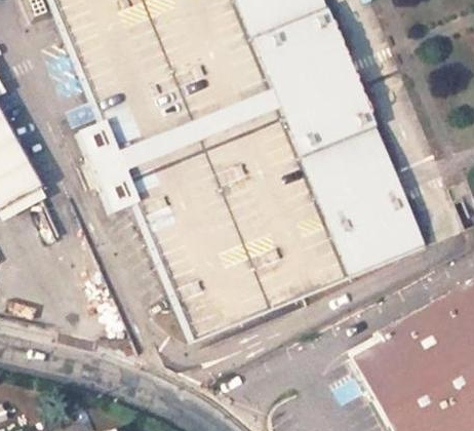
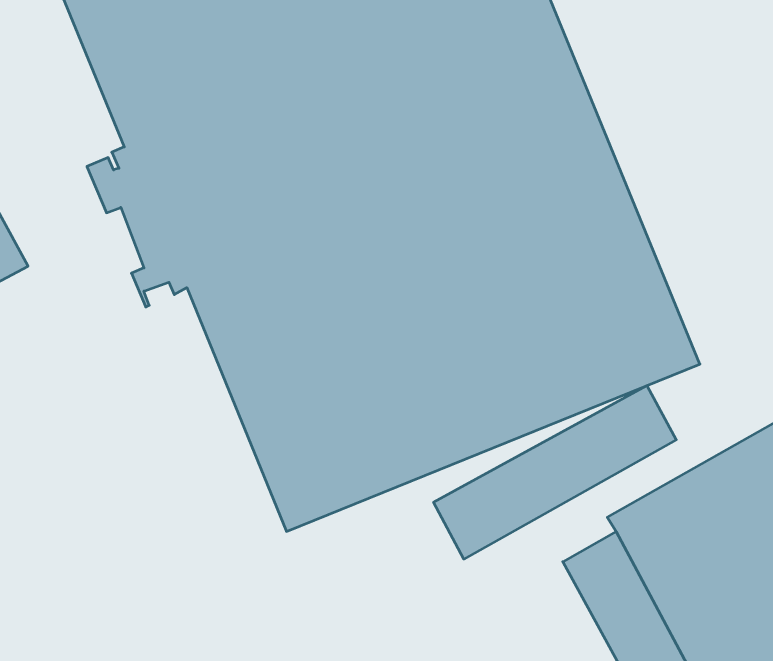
building: none -> [434,386,676,559]

